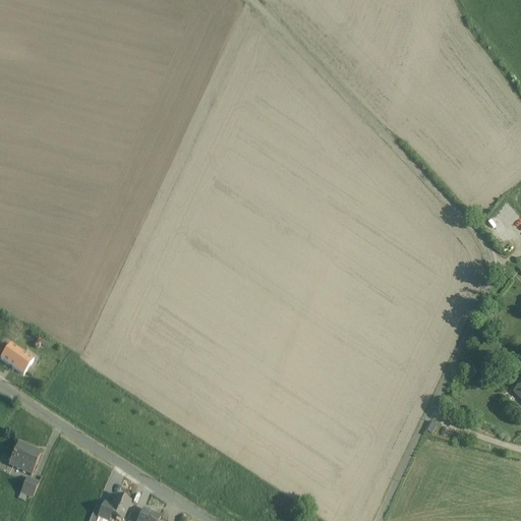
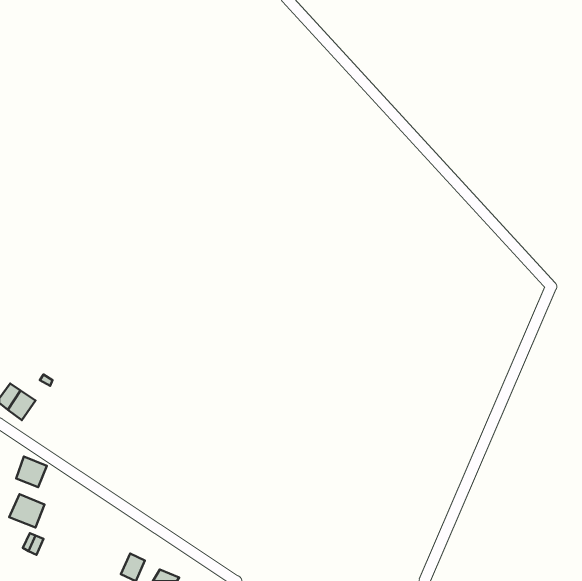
building: none -> [16,457,47,487]

